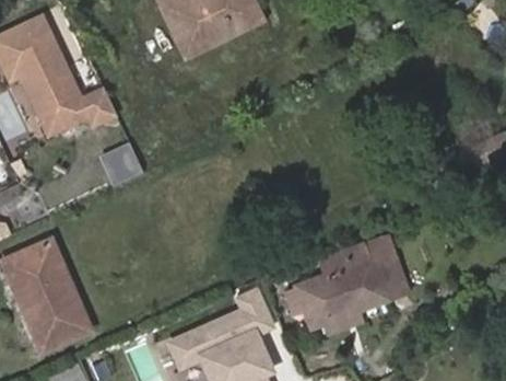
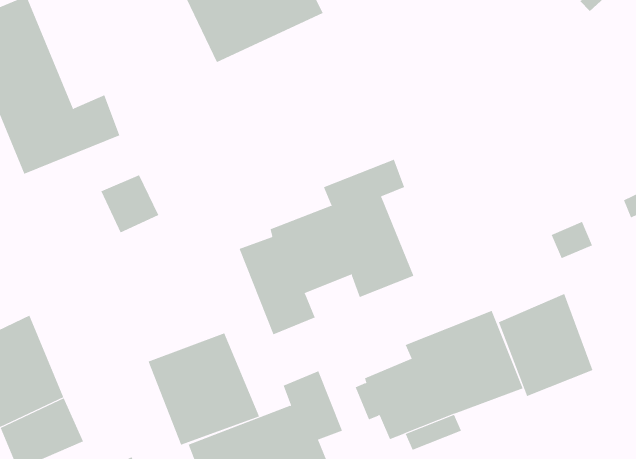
building: none -> [239,159,414,335]
building: none -> [498,293,593,397]
building: none -> [148,333,260,446]

